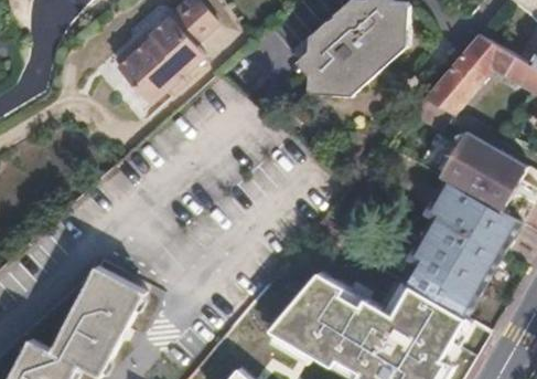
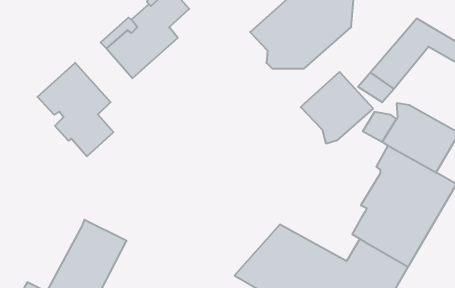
building: none -> [37,63,113,156]
building: none -> [301,72,373,144]

